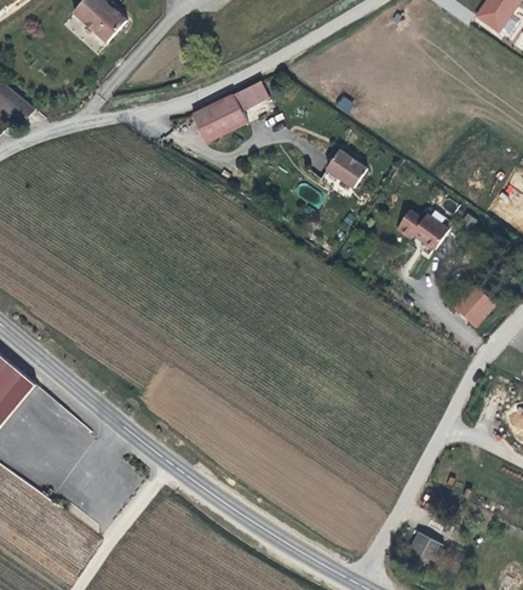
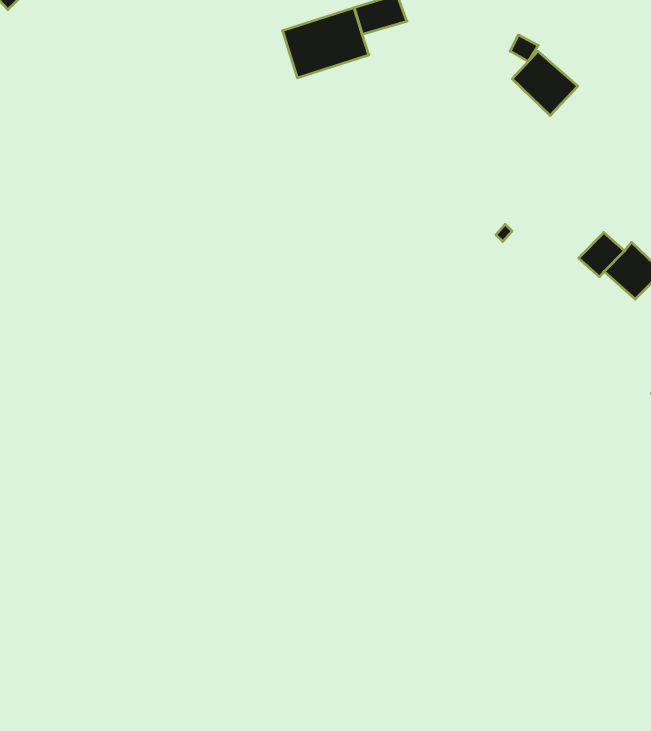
building: [326,149,367,188] -> [512,51,578,116]

